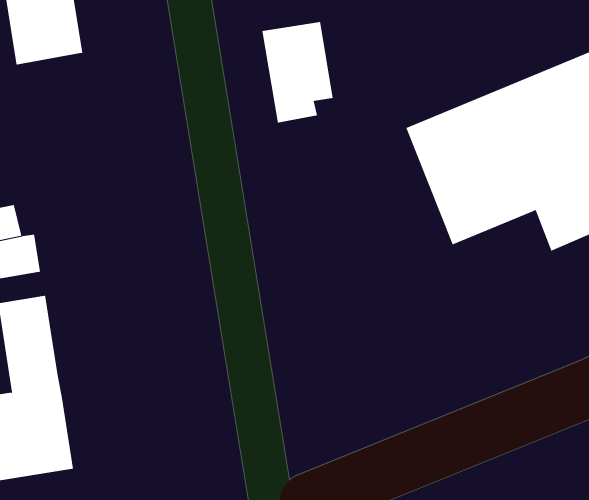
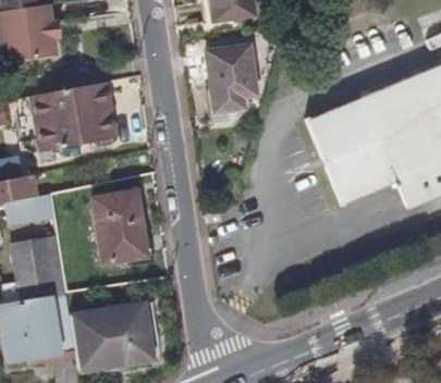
building: none -> [40,79,127,151]
building: none -> [97,190,149,251]
building: none -> [68,295,151,365]

